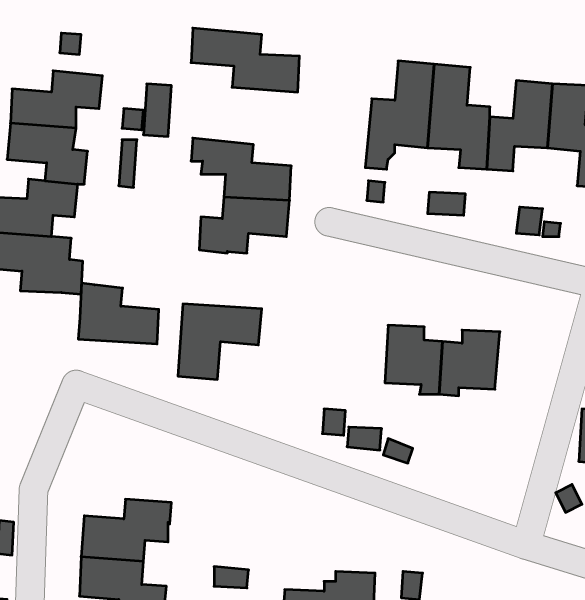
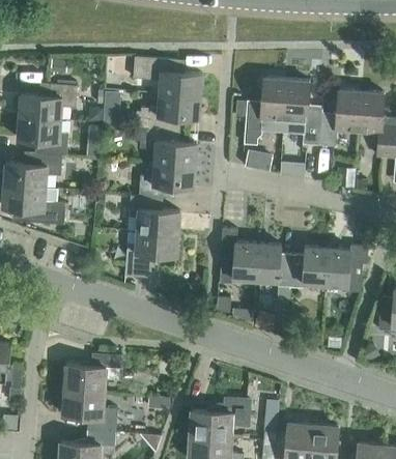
building: none -> [135,93,201,130]
building: [78,283,159,344] -> [129,195,179,233]
building: none -> [220,229,258,284]
building: none -> [326,245,368,292]

